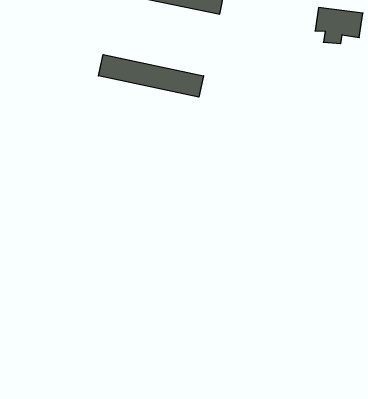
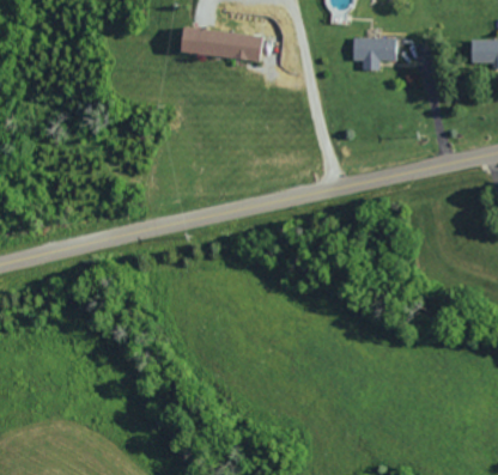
building: [98,55,204,97] -> none

